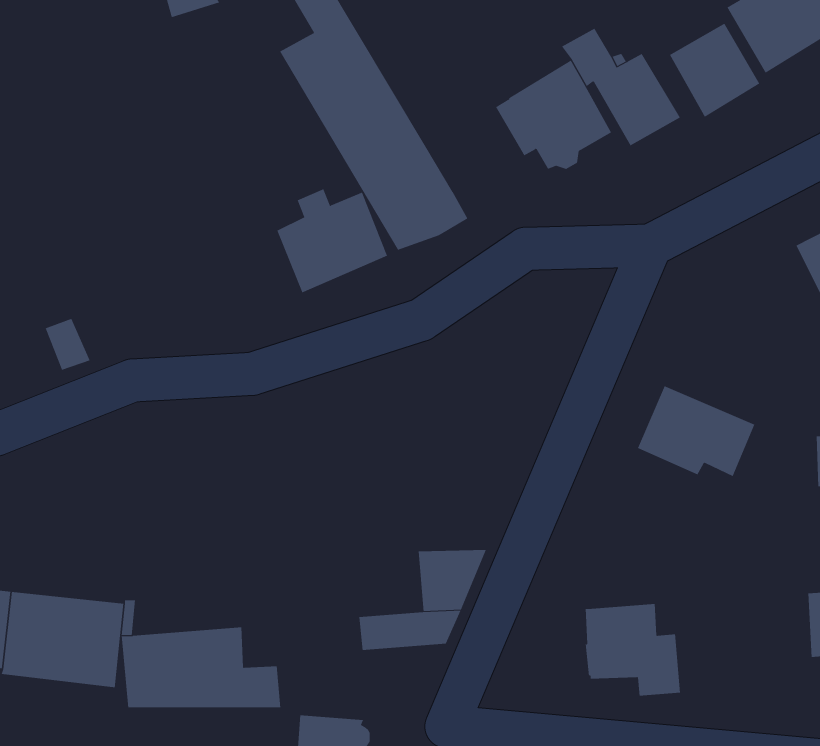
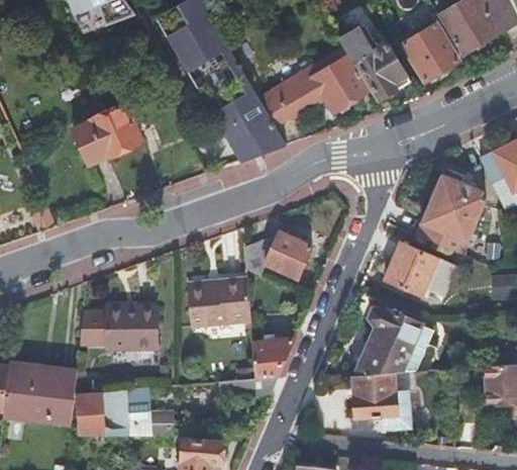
building: none -> [257,76,316,126]
building: [276,188,388,293] -> [74,102,140,165]
building: none -> [415,176,485,256]
building: none -> [243,231,313,279]
building: none -> [187,276,250,326]
building: none -> [80,307,159,348]
building: none -> [356,308,433,376]

